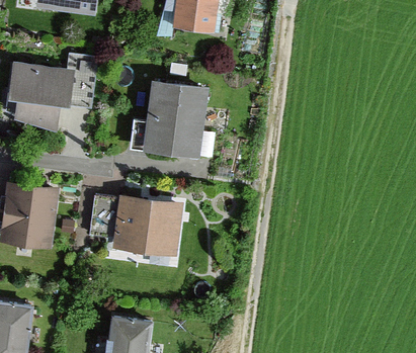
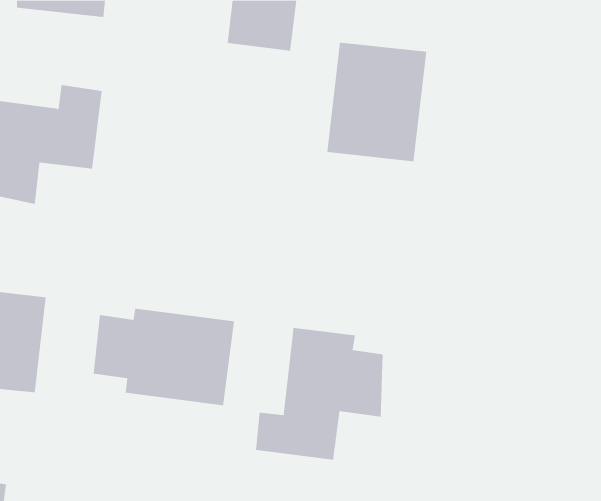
building: [144,83,207,159] -> [327,42,427,162]
building: none -> [256,327,383,461]

